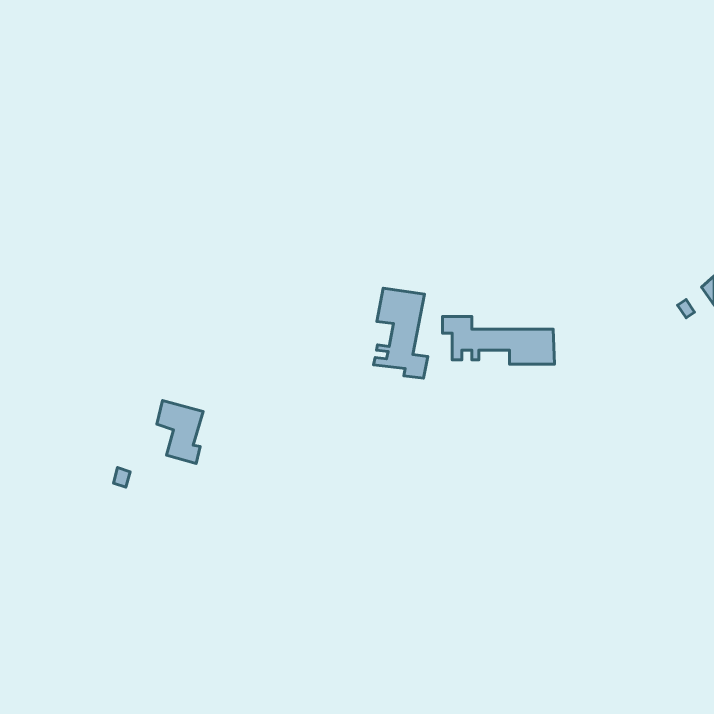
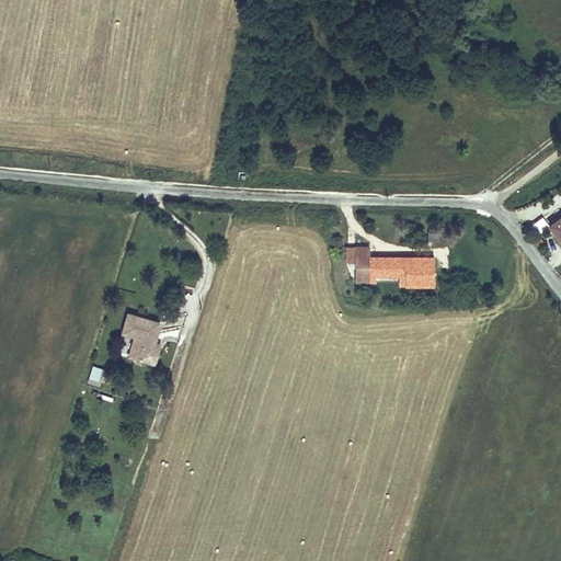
building: [374,288,428,378] -> none

